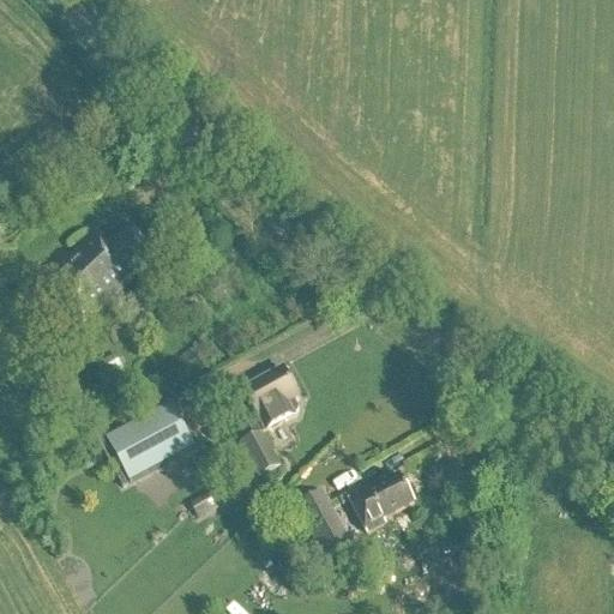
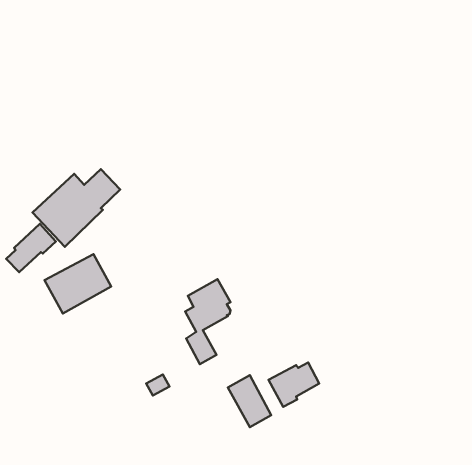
building: none -> [6,224,56,272]
building: [108,399,194,476] -> [44,254,111,313]

